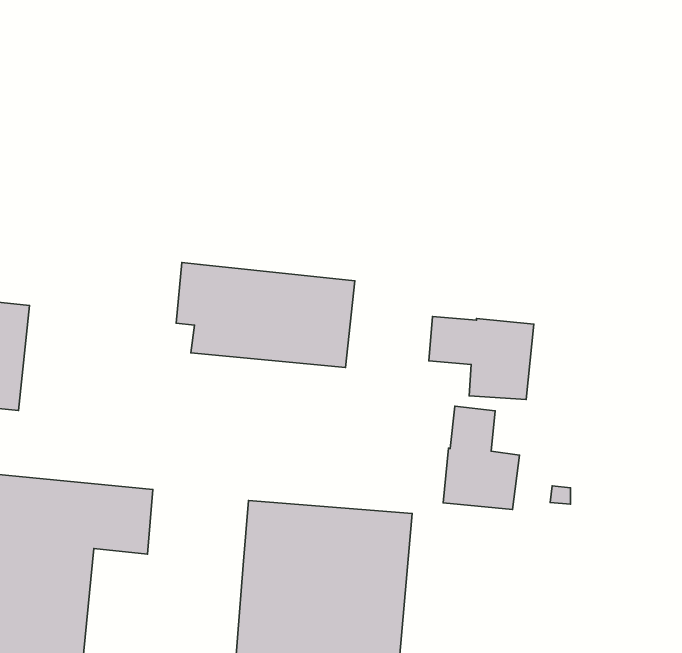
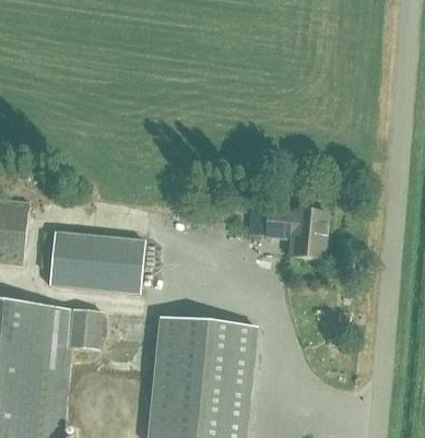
building: [176,263,355,367] -> [39,230,145,293]
building: [443,406,520,509] -> none

